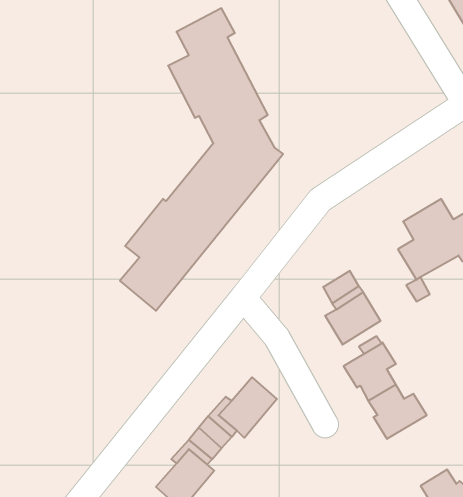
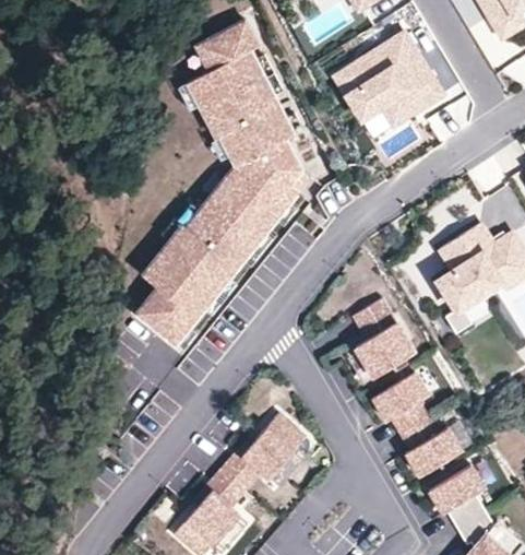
building: none -> [332,31,448,130]
building: none -> [430,469,487,530]

